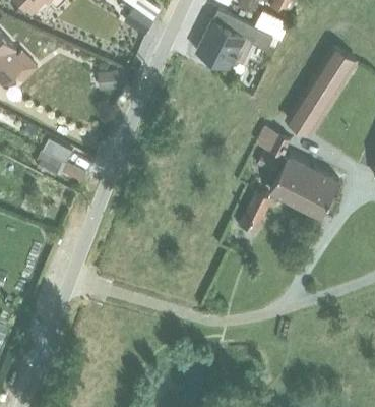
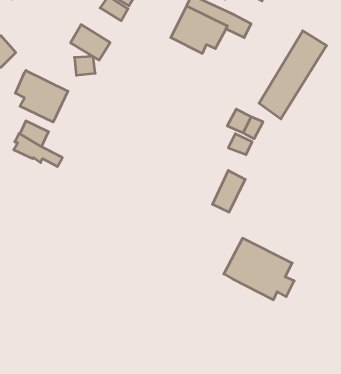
building: none -> [71,25,110,60]
building: none -> [15,70,68,122]
building: [268,155,340,218] -> [224,238,294,300]

